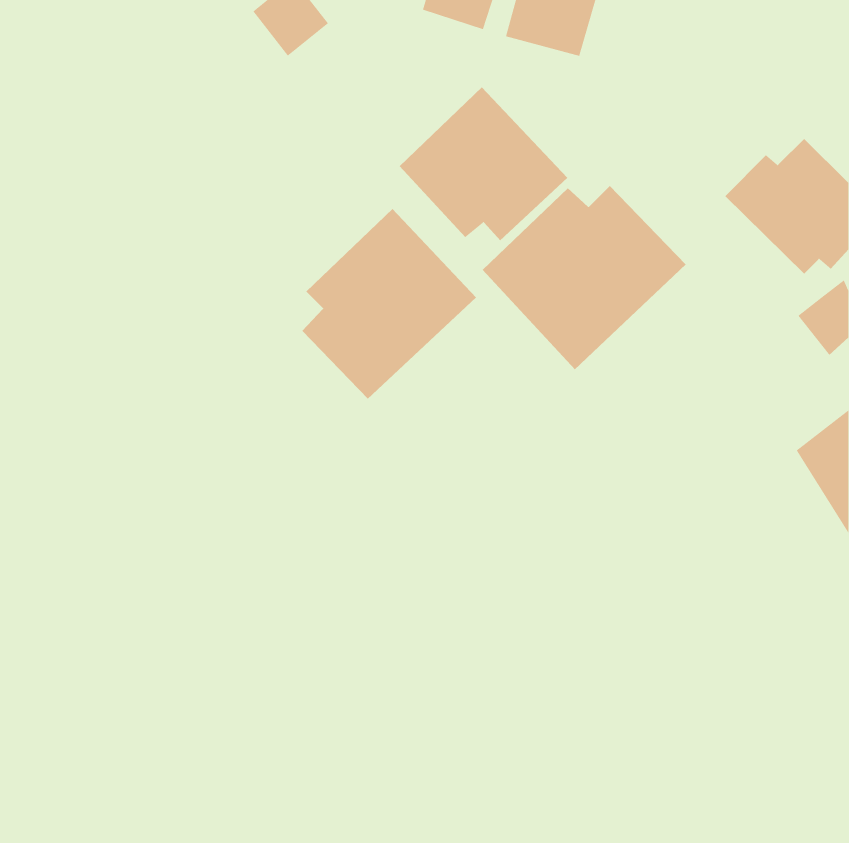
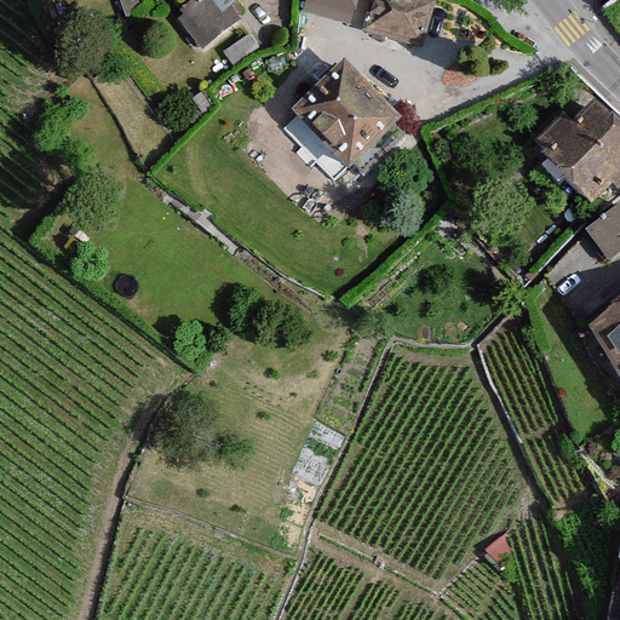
building: [482,185,686,370] -> none
building: [302,208,477,400] -> none

